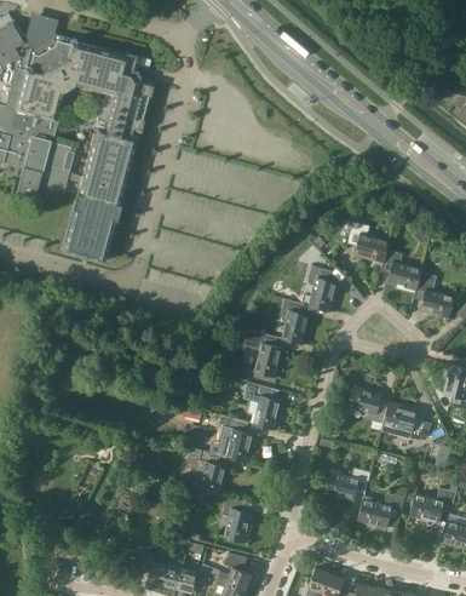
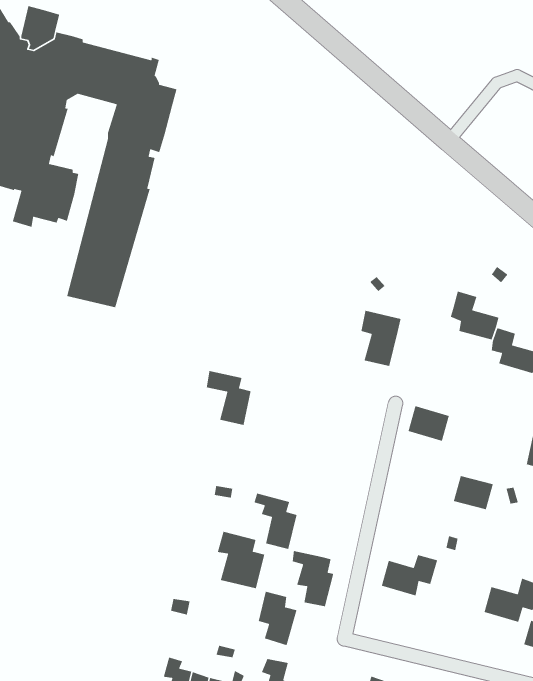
building: [347,222,387,262] -> none
building: [281,300,310,344] -> none
building: [244,331,282,377] -> [206,370,251,426]
building: [246,382,281,429] -> [292,550,334,607]
building: [346,384,381,414] -> [407,405,450,442]
building: [356,492,403,528] -> none

